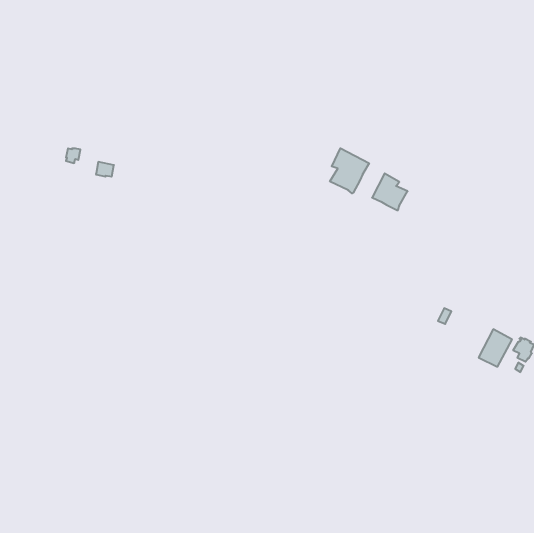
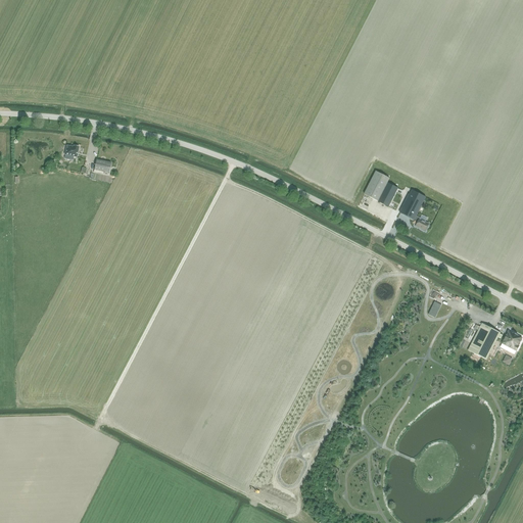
building: [330,148,369,193] -> none
building: none -> [400,190,429,230]

